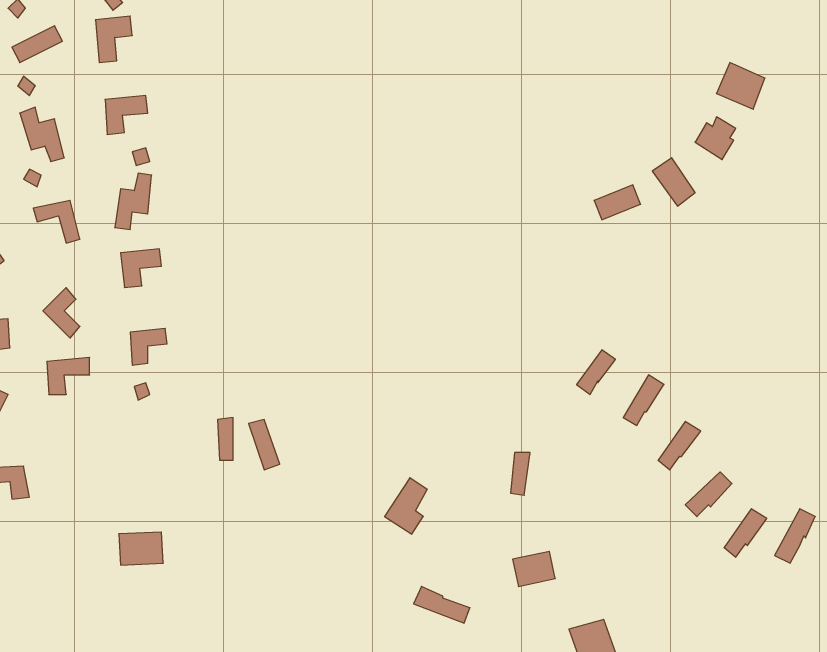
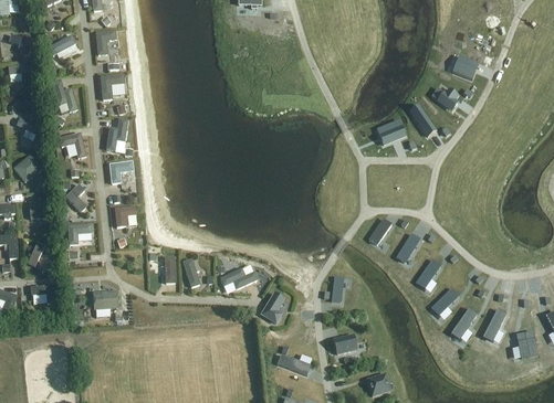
building: none -> [220,264,258,289]
building: [119,532,163,565] -> [93,290,118,309]

